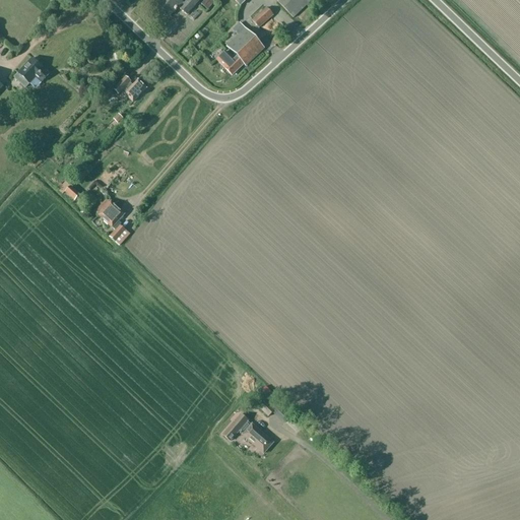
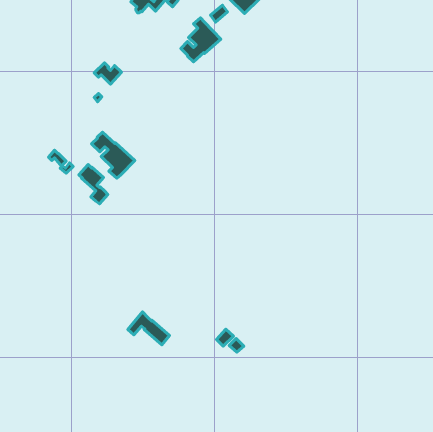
building: [15,57,50,86] -> none
building: none -> [91,132,135,178]
building: [223,412,273,452] -> [128,312,170,345]

